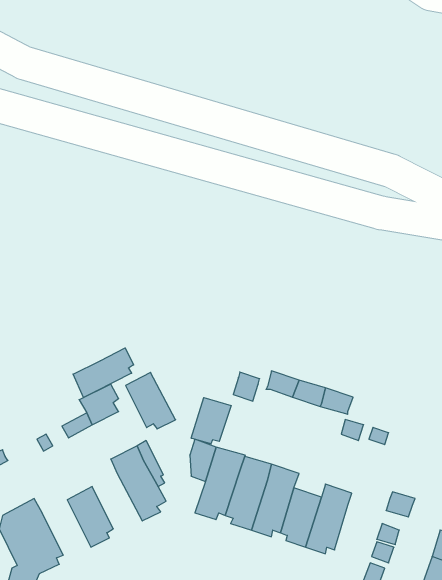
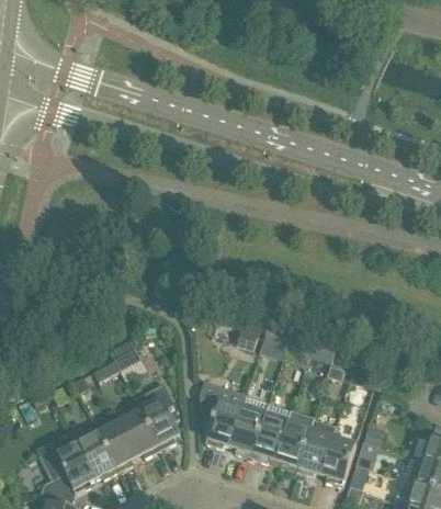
building: [73,348,134,398] -> none
building: [126,372,176,429] -> [118,410,160,457]
building: [191,398,231,444] -> none
building: none -> [77,432,117,479]
building: none -> [320,437,355,486]

